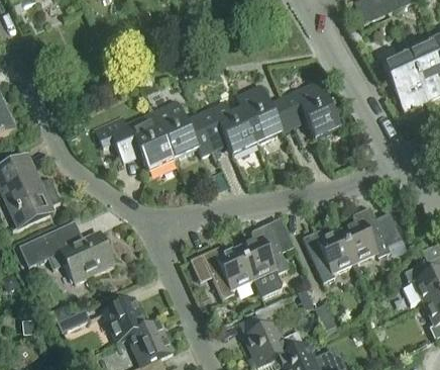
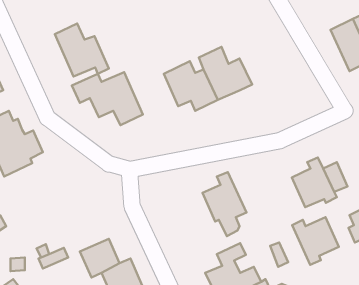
building: [281,78,340,138] -> none
building: [151,98,212,158] -> [55,23,109,77]
building: [20,220,113,281] -> none
building: [302,228,354,282] -> [292,217,339,265]
building: [201,246,253,299] -> none

